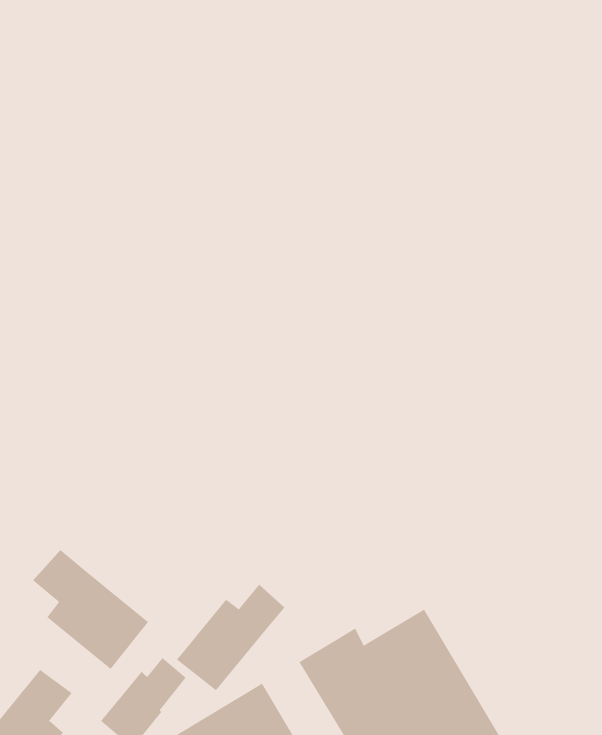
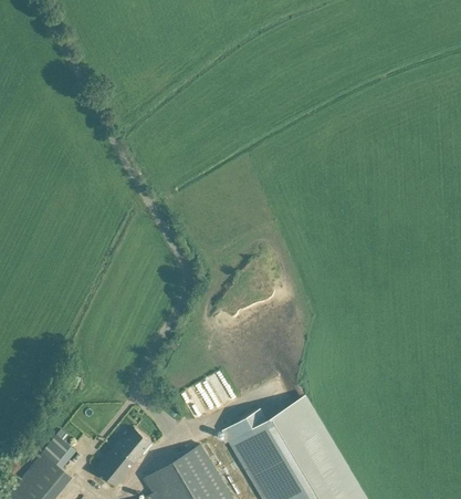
building: [32,549,149,670] -> none
building: [176,584,285,691] -> none

